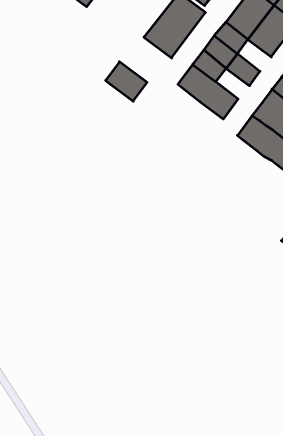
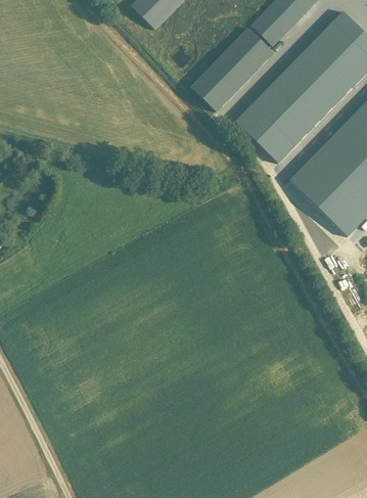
building: none -> [301,84,334,118]
building: [106,62,147,101] -> [191,69,233,110]
building: none -> [275,110,309,143]

